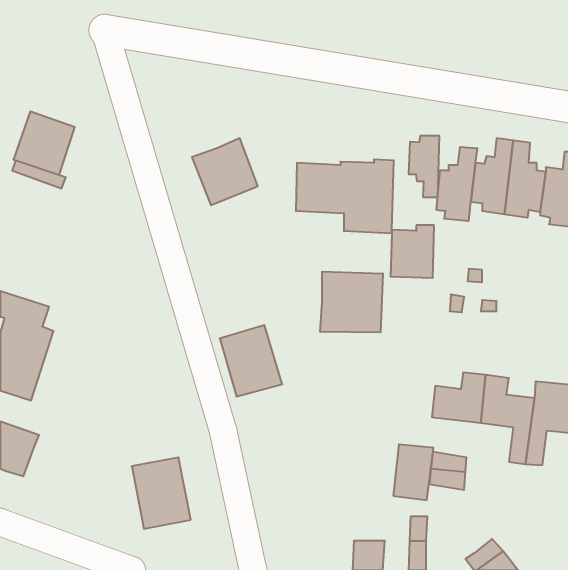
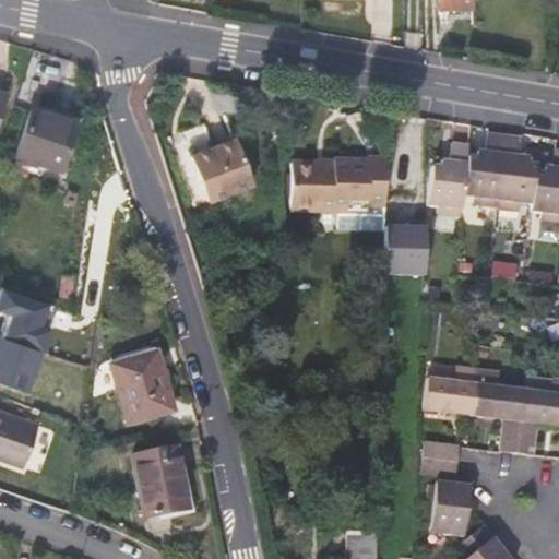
building: [409,136,439,198] -> none
building: [320,272,383,332] -> none
building: [220,325,282,396] -> [111,354,173,424]
building: [393,444,433,500] -> [430,484,469,538]

